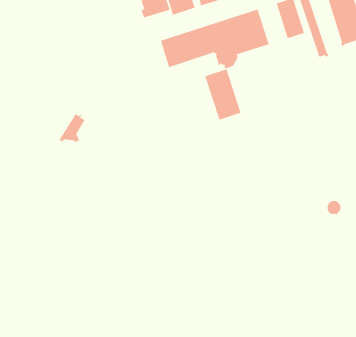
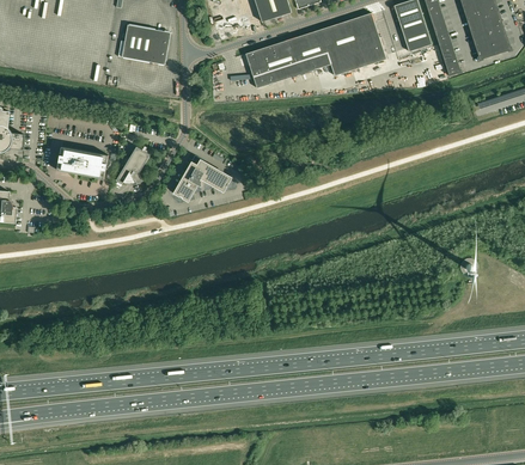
building: none -> [121,25,170,65]
building: [205,69,241,120] -> none
building: none -> [56,147,108,179]
building: none -> [173,159,232,201]

